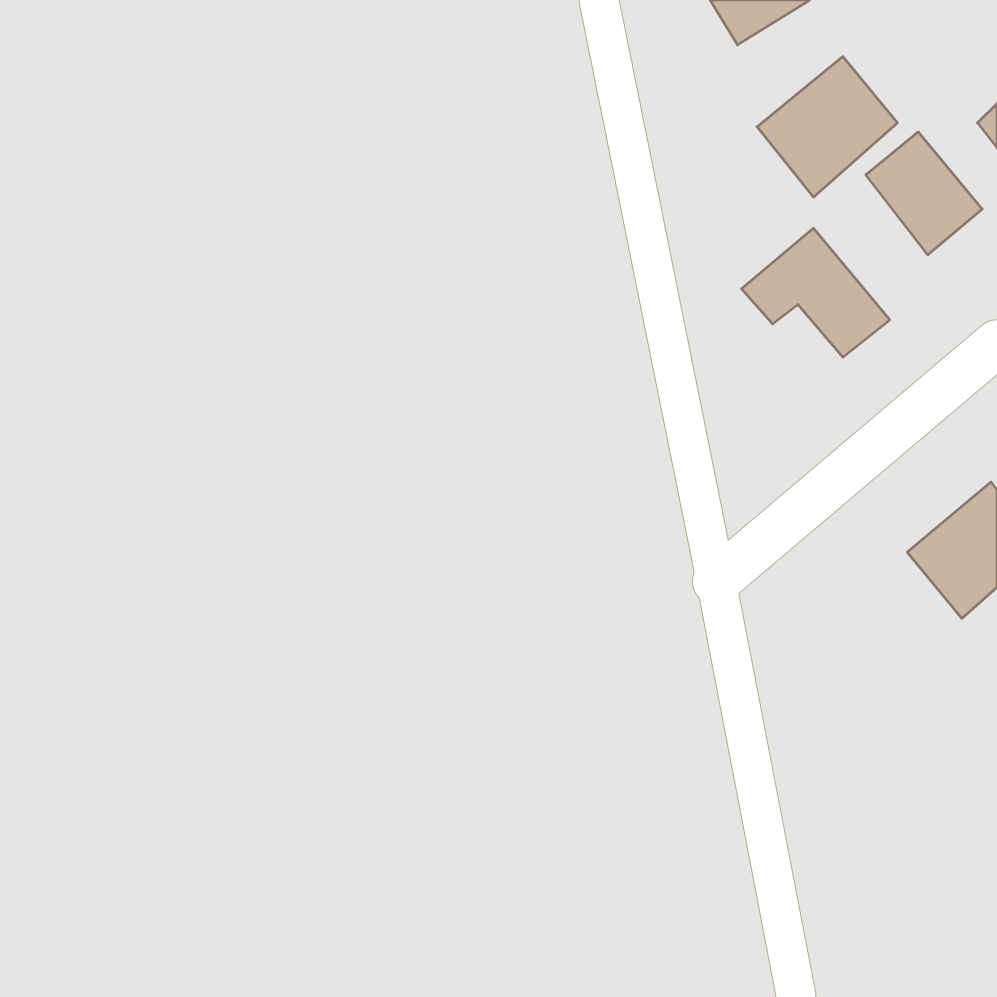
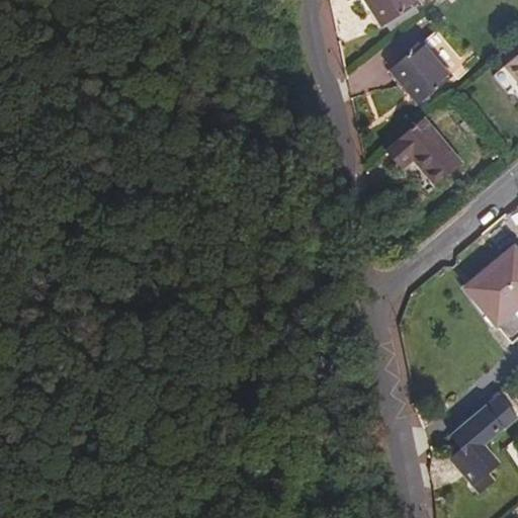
building: [866,132,982,255] -> none
building: none -> [444,400,511,497]

